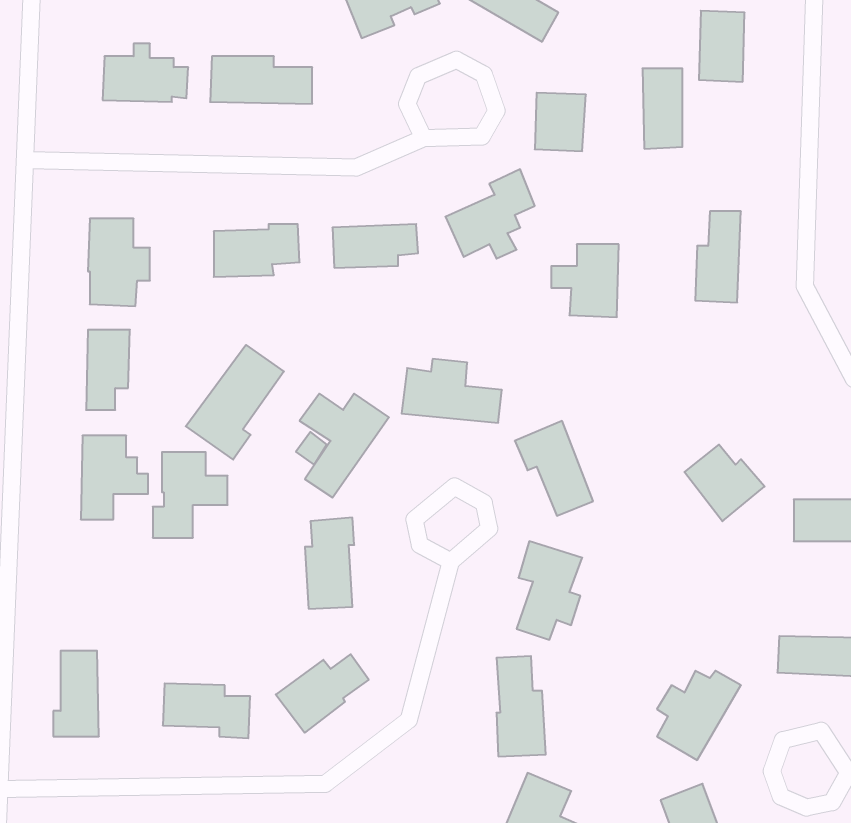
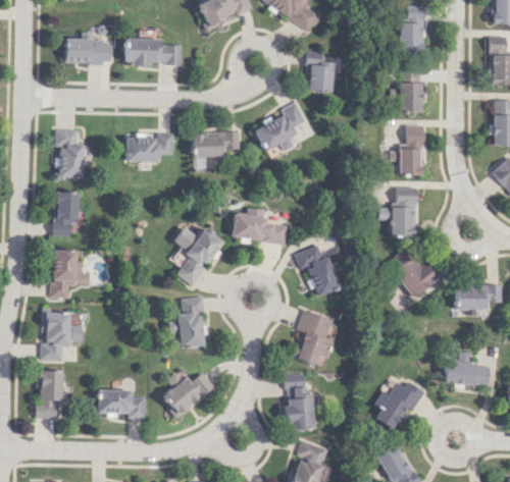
building: [642,68,682,149] -> [398,68,420,113]
building: [551,244,619,317] -> [377,196,415,236]
building: [186,345,284,460] -> none
building: [153,452,228,538] -> [43,313,85,361]

